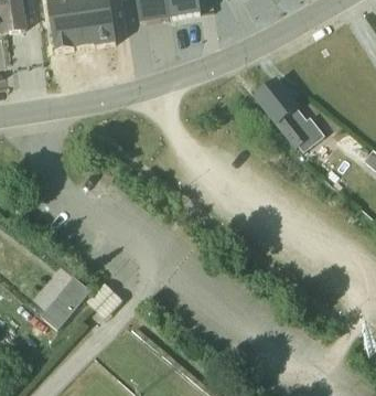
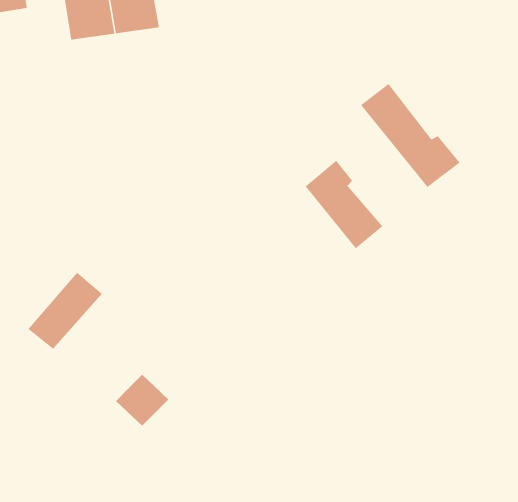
building: none -> [305,160,383,249]
building: [39,274,90,328] -> [28,272,102,350]

